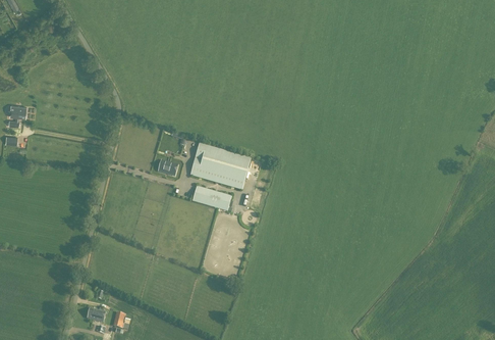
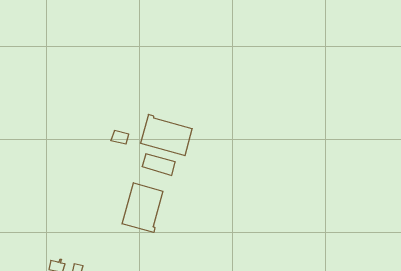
building: none -> [122,183,163,232]

